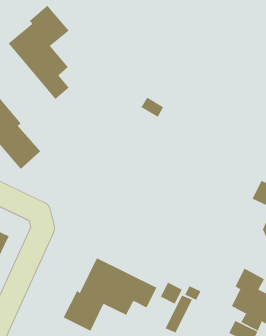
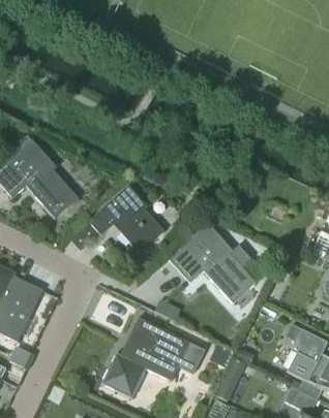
building: [8,5,70,100] -> none
building: none -> [88,187,163,255]
building: none -> [170,225,257,303]

